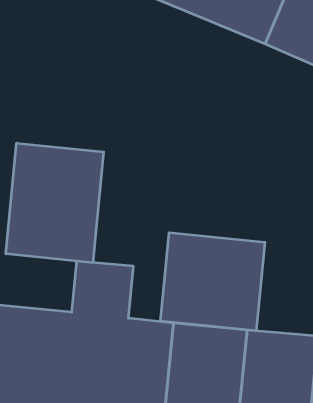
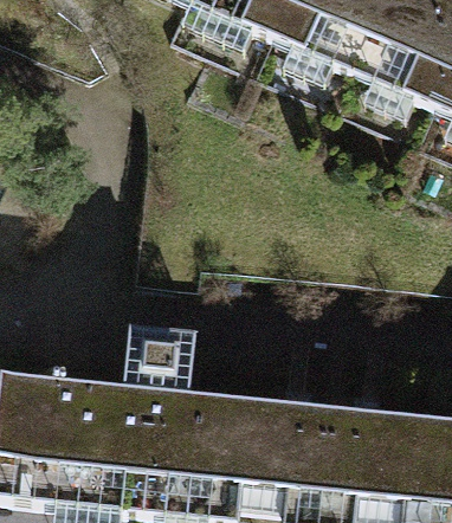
building: [6,143,104,263] -> none
building: [160,233,265,331] -> none

